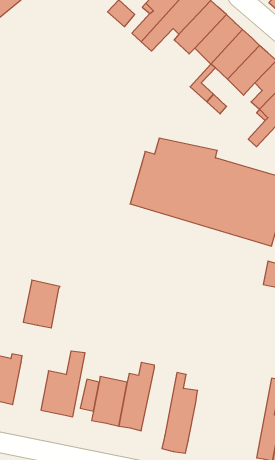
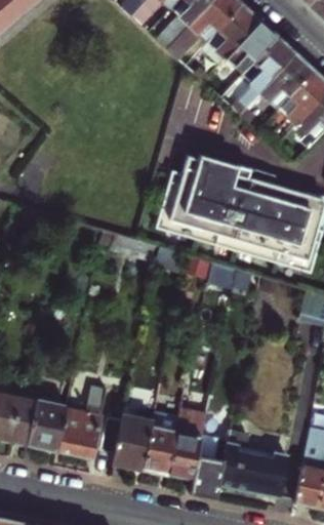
building: [23,280,60,328] -> [28,400,68,452]
building: none -> [168,406,207,480]
building: none -> [219,444,287,497]

